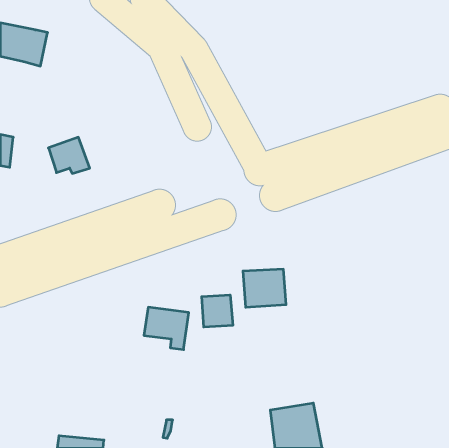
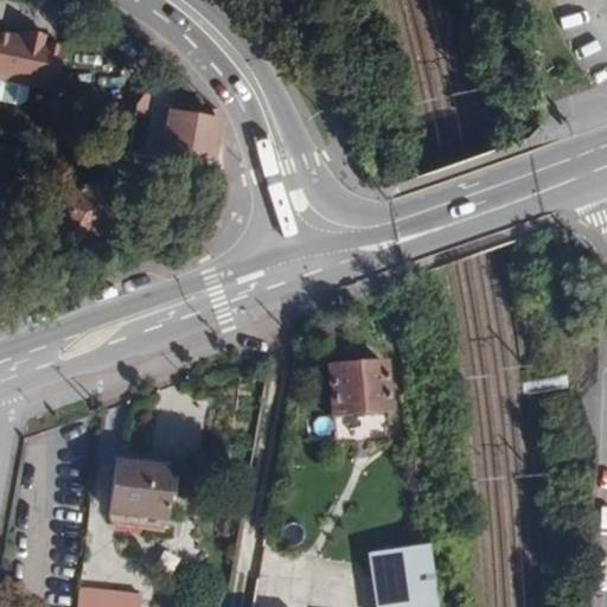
building: none -> [173,113,218,160]
building: [202,295,233,327] -> none
building: [144,307,189,350] -> [113,461,173,518]

